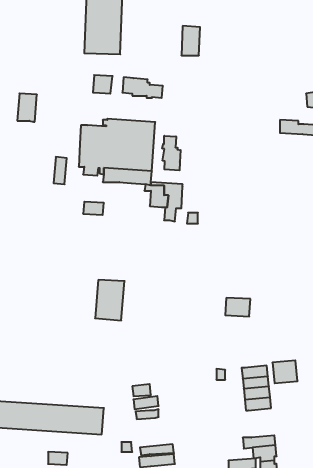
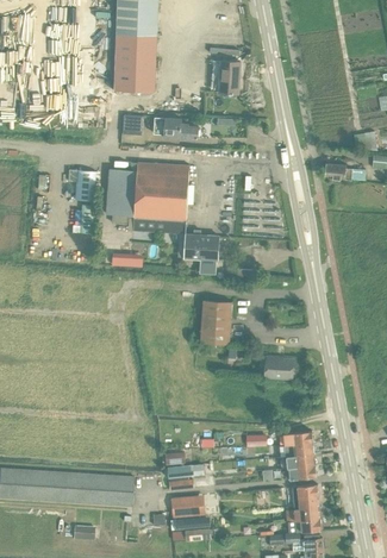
building: [17,93,37,122] -> [75,170,96,201]
building: [162,136,181,170] -> none
building: [95,280,125,320] -> [201,300,233,344]
building: [272,360,298,383] -> [293,484,320,509]
building: none -> [171,495,206,518]

